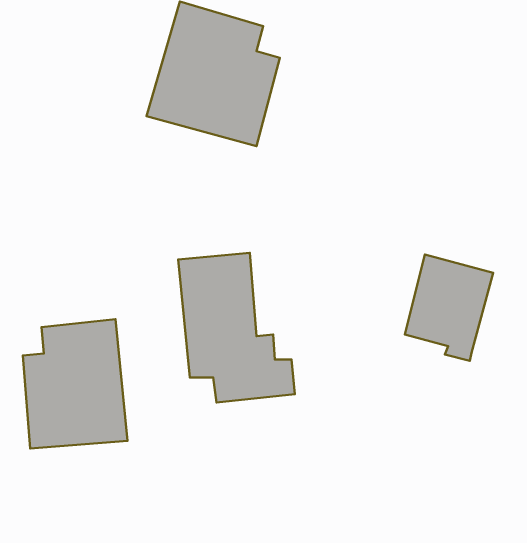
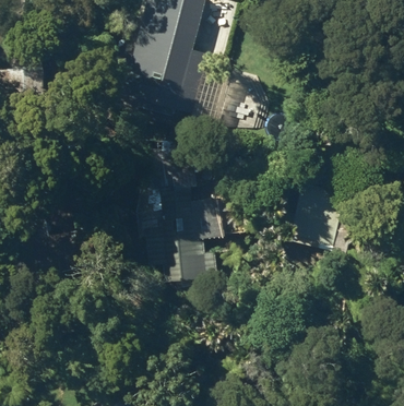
building: [23,319,128,448] -> none

